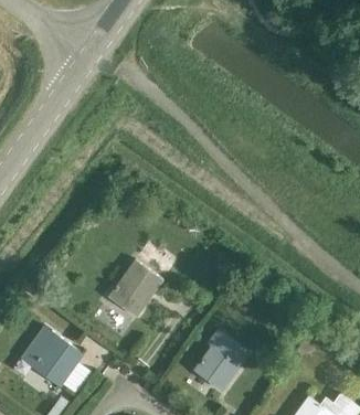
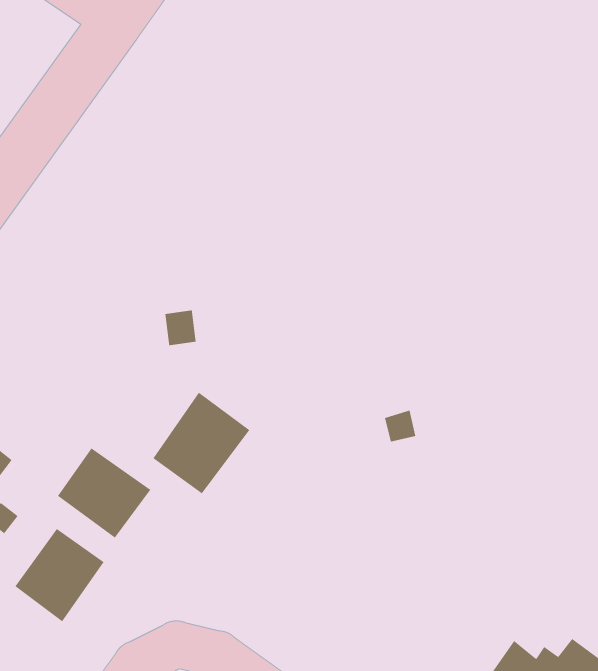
building: none -> [57,447,151,538]
building: [194,333,248,391] -> none

